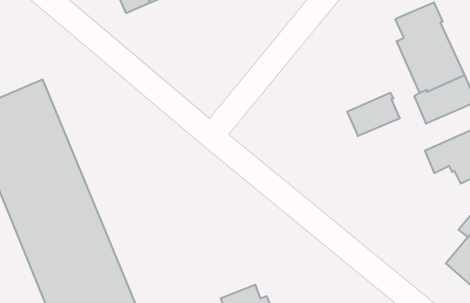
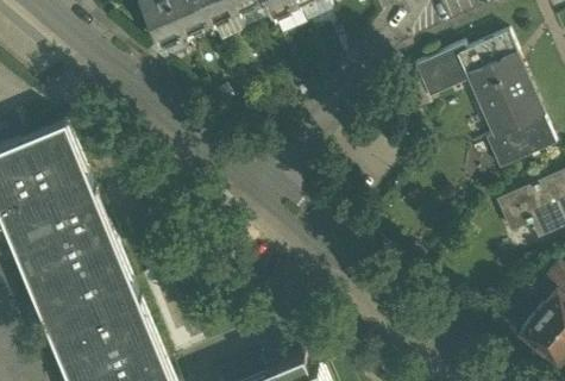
building: [347,93,400,136] -> [413,43,472,92]

